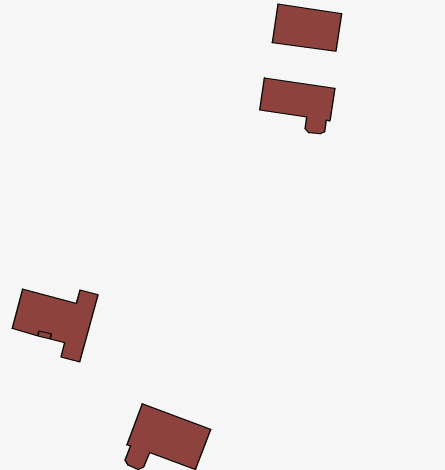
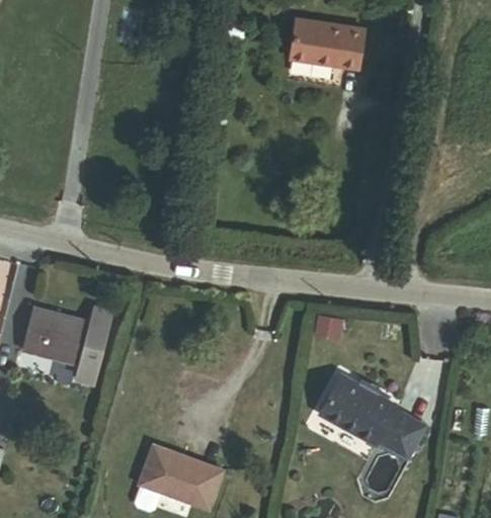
building: [260,78,335,134] -> none
building: none -> [321,374,424,455]

